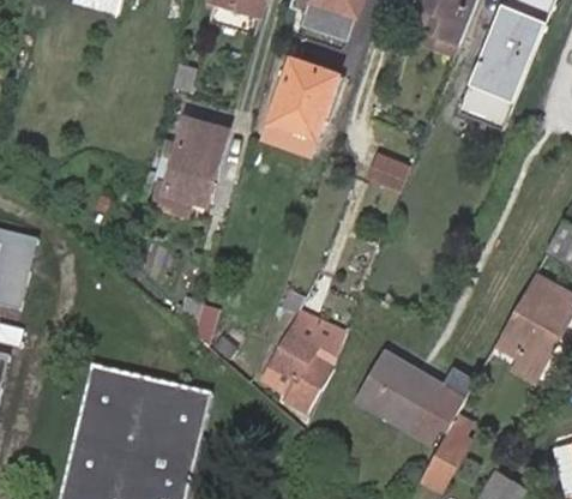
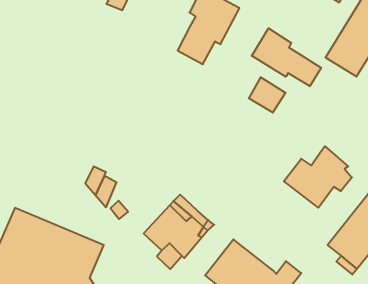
building: none -> [252,28,321,86]
building: [168,119,227,202] -> none
building: none -> [284,146,352,208]

